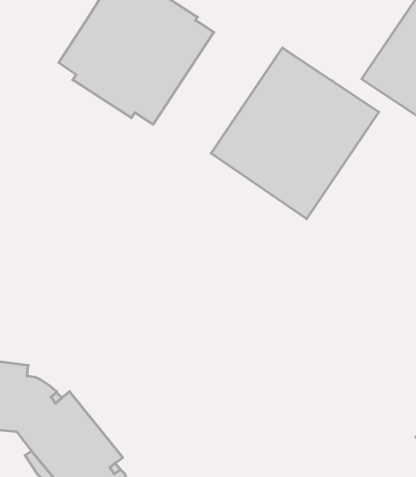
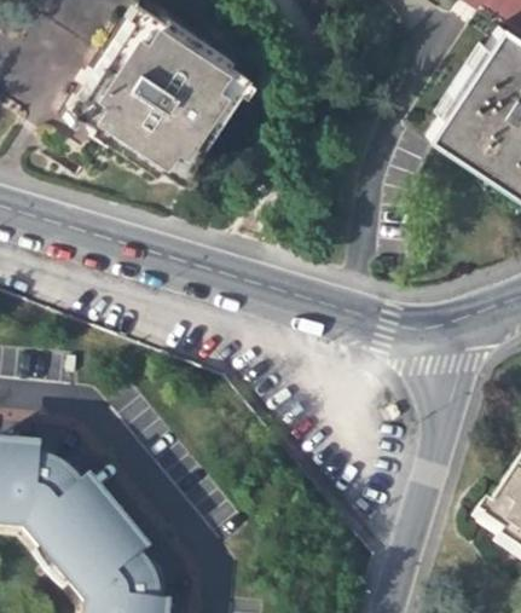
building: [211,48,379,219] -> none

